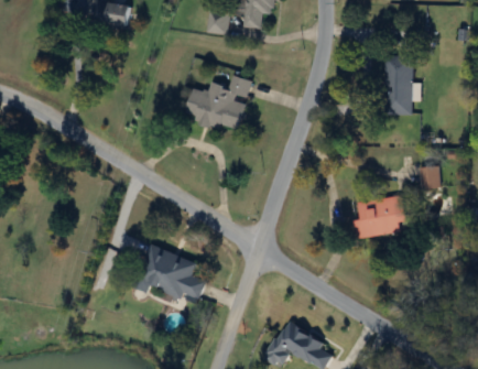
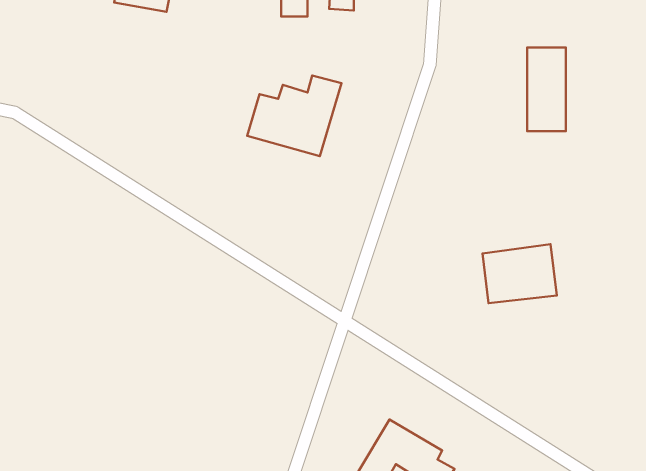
building: [419,166,439,188] -> none
building: [134,245,206,305] -> none

